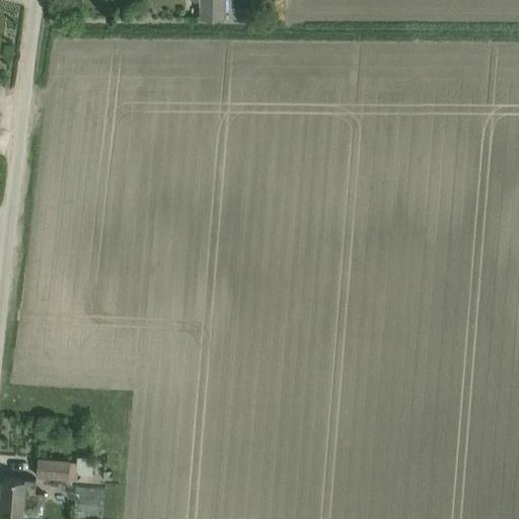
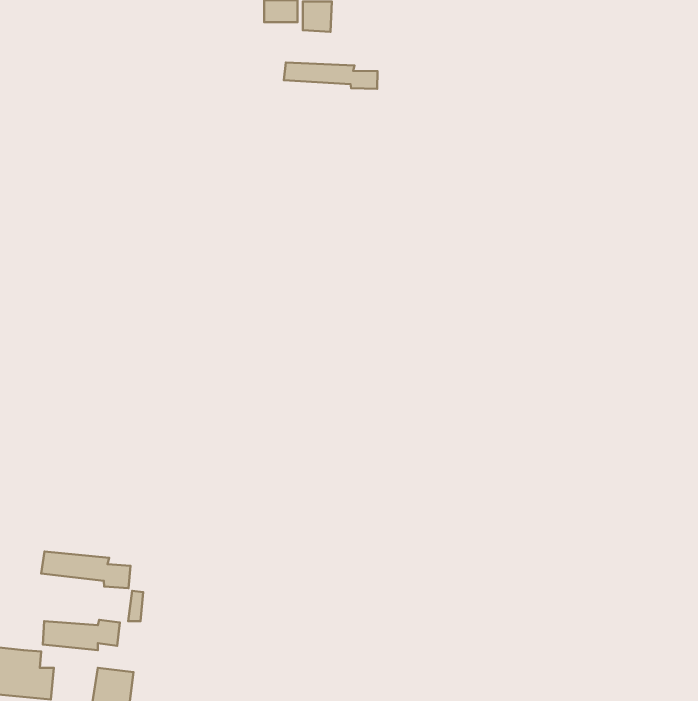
building: none -> [284,62,377,89]
building: none -> [41,551,130,588]

